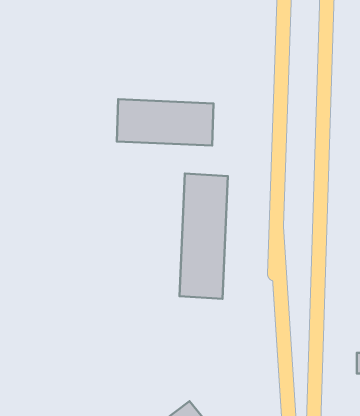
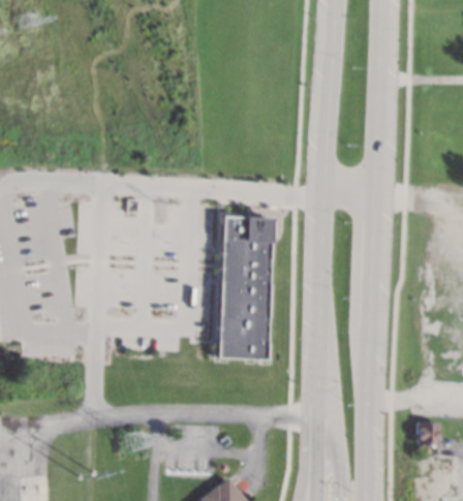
building: [117,99,213,146] -> none

